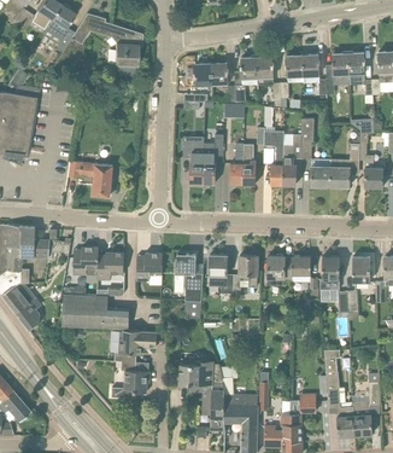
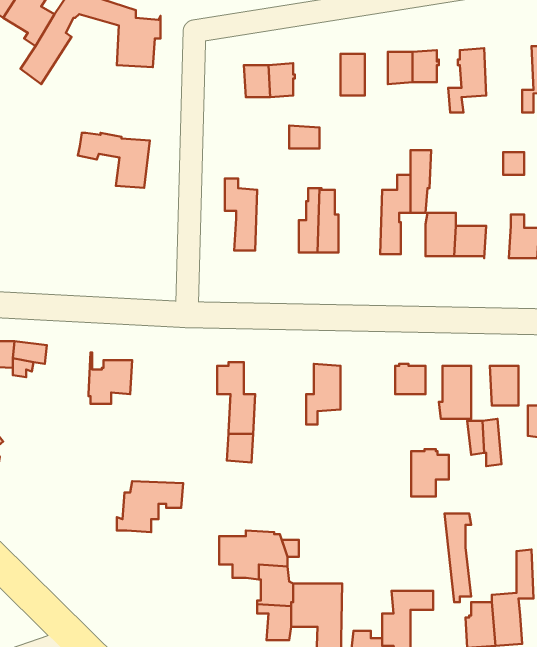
building: [348,53,373,94] -> none
building: [235,57,257,100] -> none
building: [264,130,285,185] -> none
building: [203,135,223,184] -> none
building: [68,161,113,196] -> [78,133,150,188]
building: [72,246,98,275] -> none
building: [136,252,163,281] -> none
building: [210,255,235,294] -> none
building: [268,255,292,285] -> [411,449,449,496]
building: [61,292,129,330] -> none
building: [121,361,149,397] -> none

